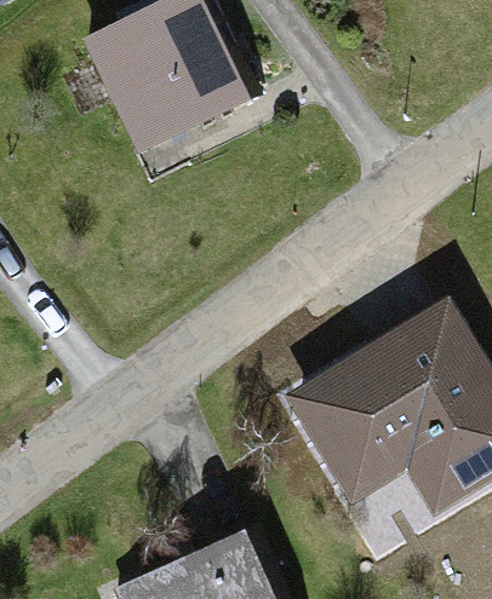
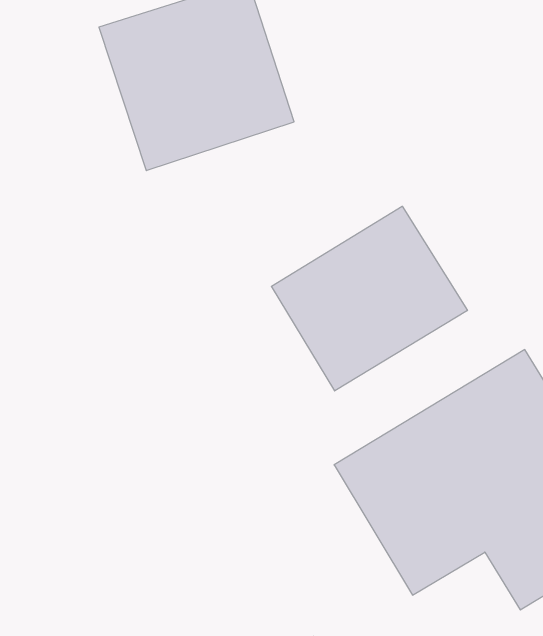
building: none -> [271,206,467,391]

